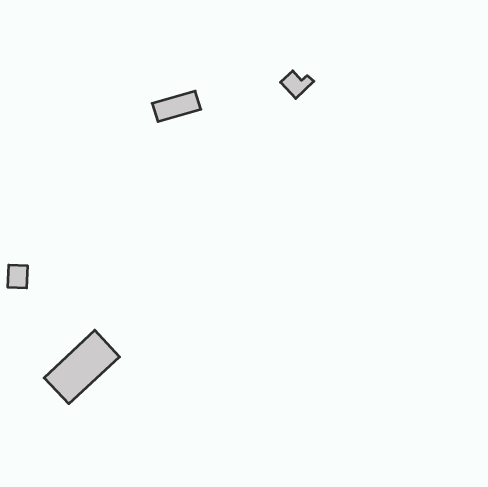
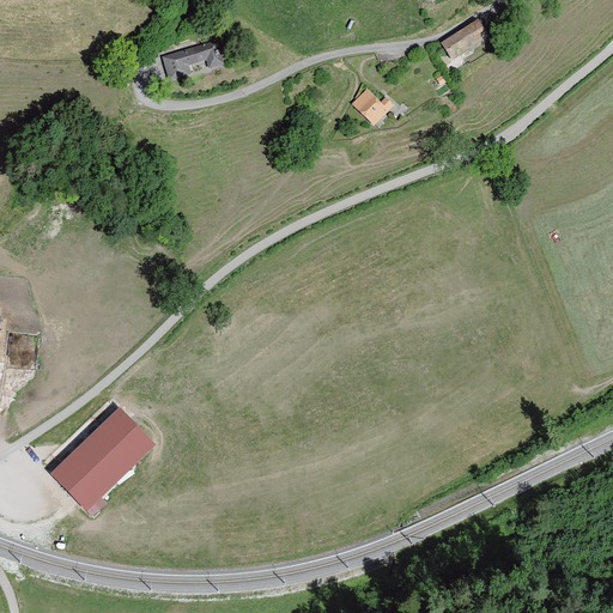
building: none -> [439,19,487,59]
building: [152,91,201,122] -> [162,40,223,78]

